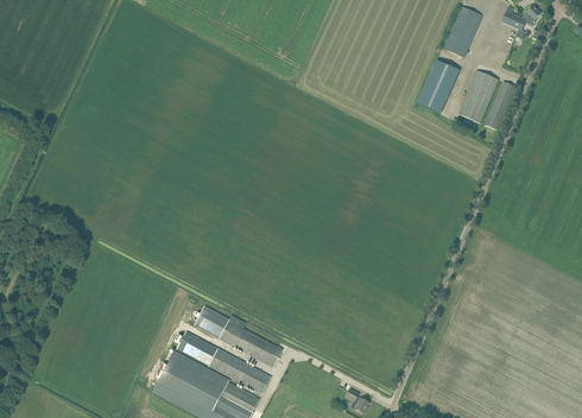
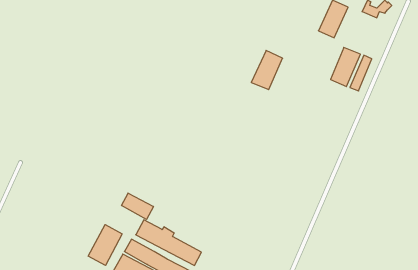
building: [417,59,460,113] -> [251,50,283,90]
building: none -> [122,193,153,219]
building: none -> [88,225,122,265]

